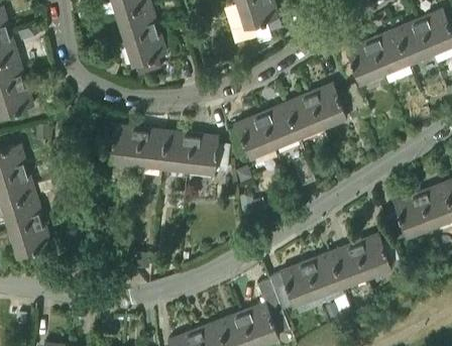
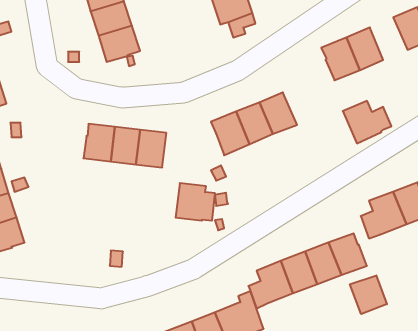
building: [393,20,431,63] -> none
building: [307,85,355,127] -> [343,101,391,143]
building: [187,135,226,172] -> [176,183,215,221]
building: none -> [350,275,387,314]

